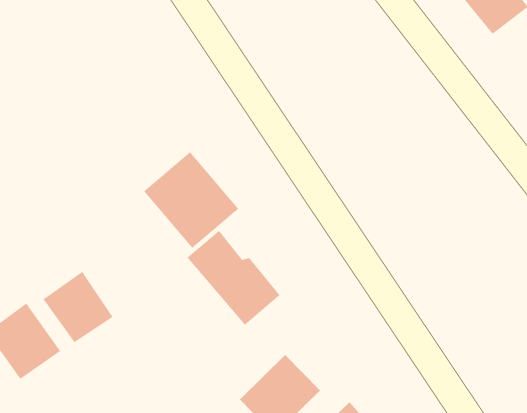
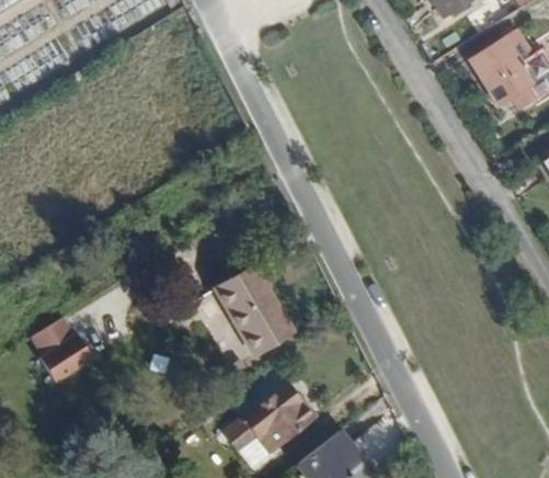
building: [143,151,239,249] -> none
building: [43,271,114,343] -> none

